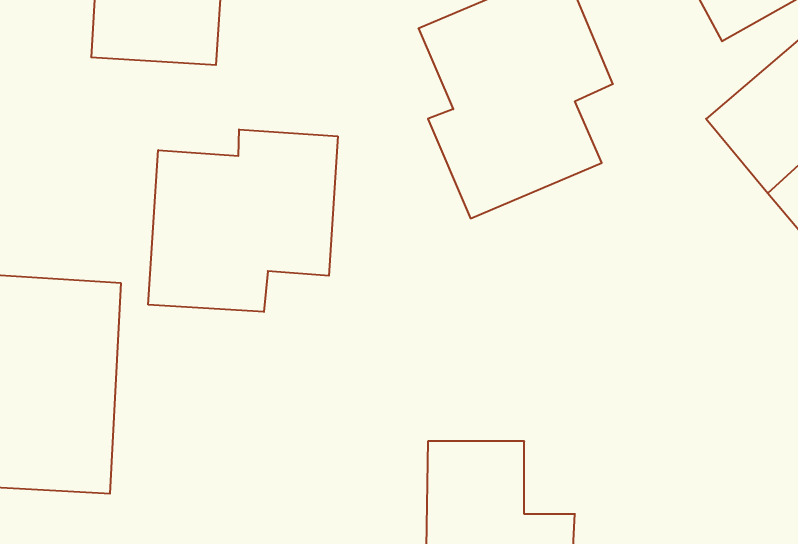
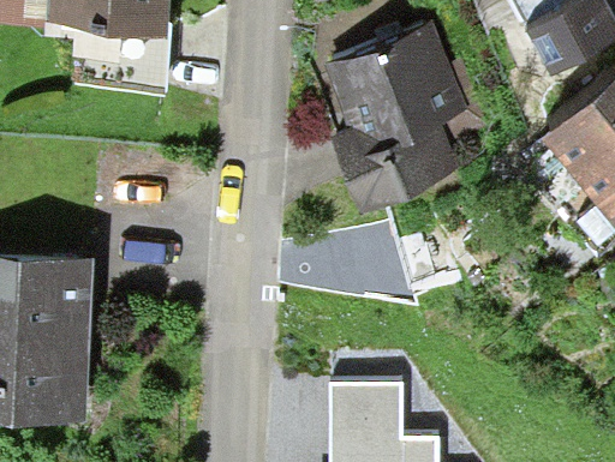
building: [148,129,338,312] -> none

